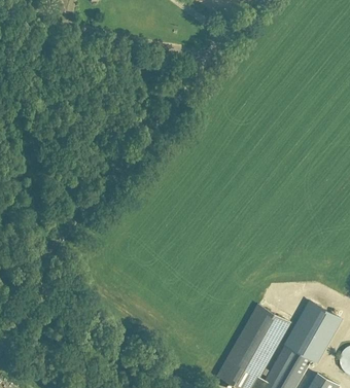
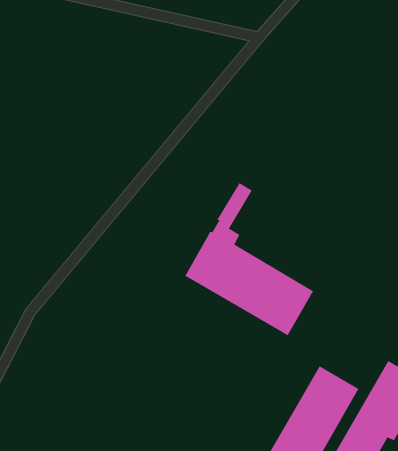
building: none -> [184,182,314,336]

